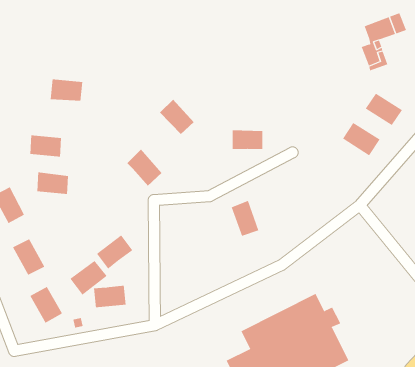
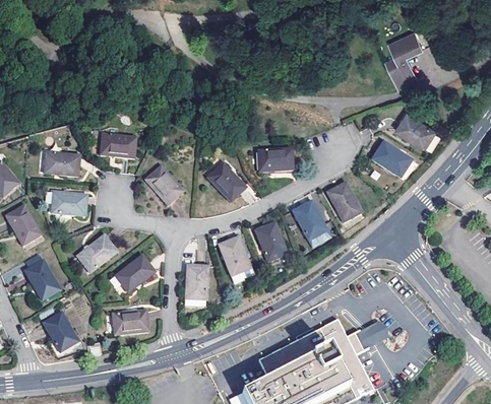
building: [50,79,83,101] -> [104,126,138,149]
building: [159,99,194,135] -> [209,160,246,198]
building: none -> [326,183,360,221]
building: none -> [292,200,325,240]
building: none -> [218,235,248,273]
building: none -> [187,273,210,309]
building: [69,260,108,296] -> [77,234,117,271]

